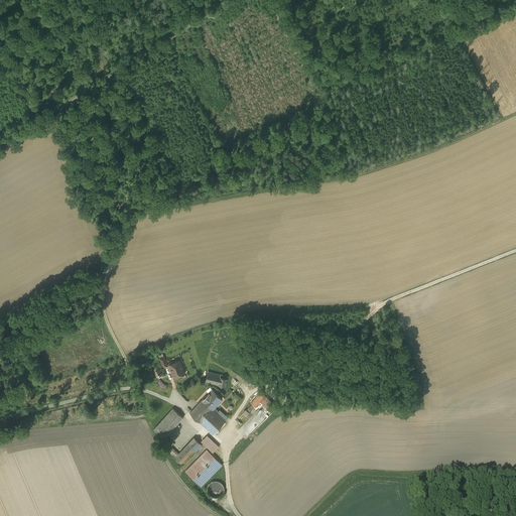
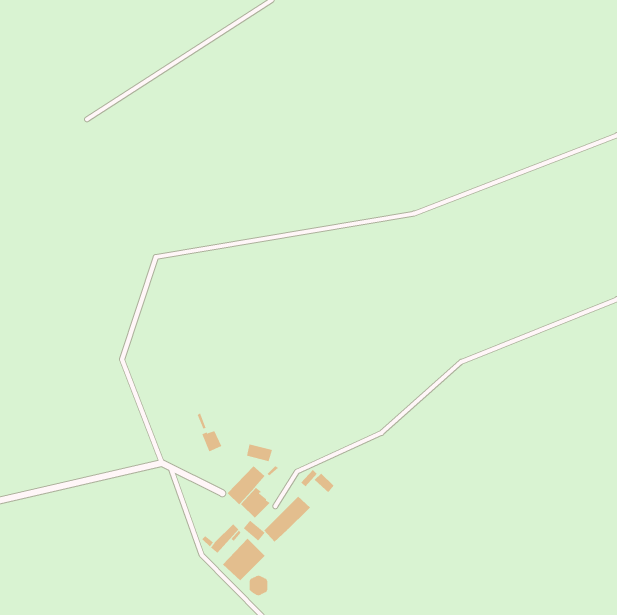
building: [153,408,183,439] -> none
building: none -> [263,496,311,543]

